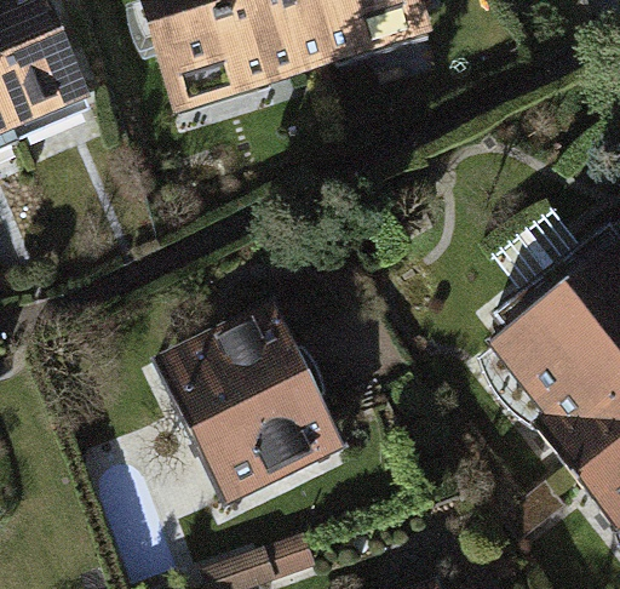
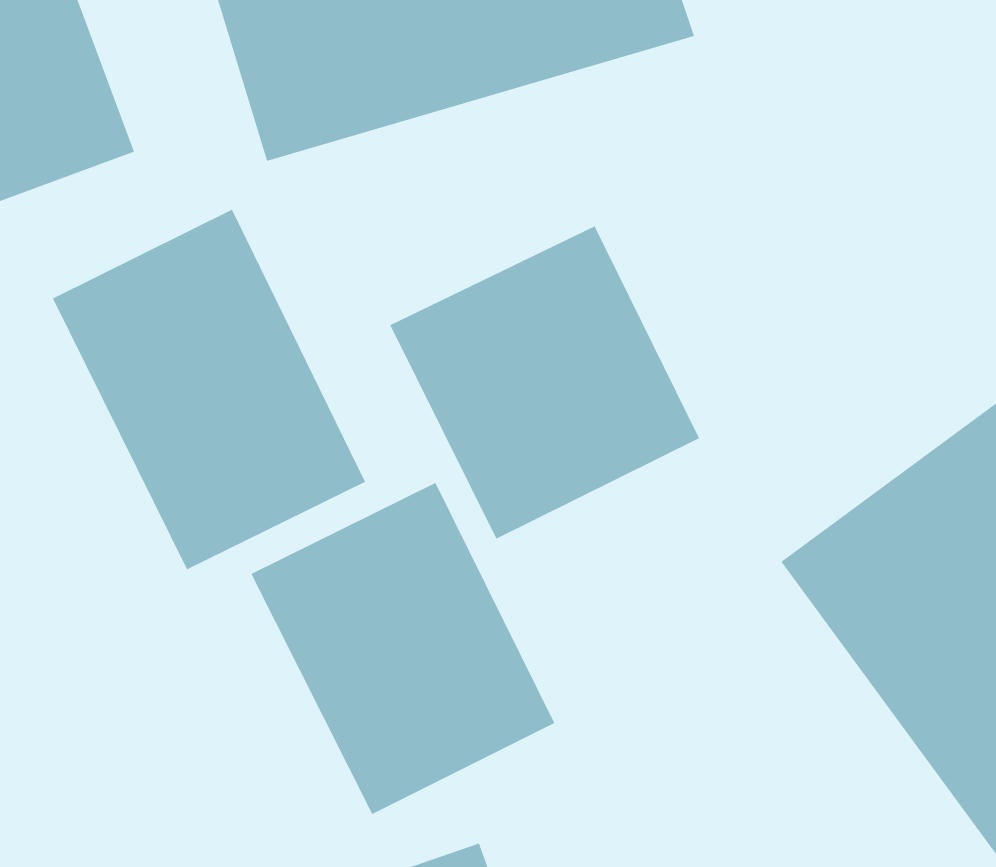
building: none -> [52,209,366,570]
building: none -> [390,225,700,539]

